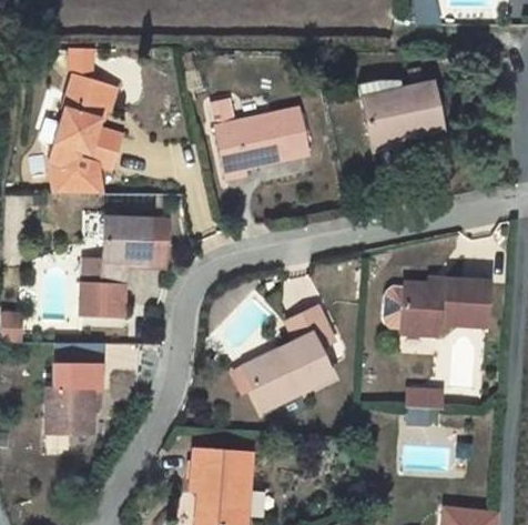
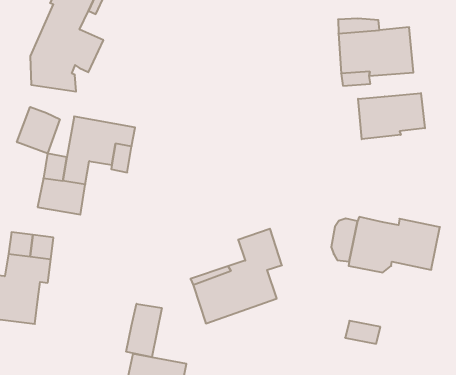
building: [210,100,307,179] -> none
building: none -> [358,93,425,139]
building: none -> [17,107,60,154]
building: none -> [126,304,162,357]

